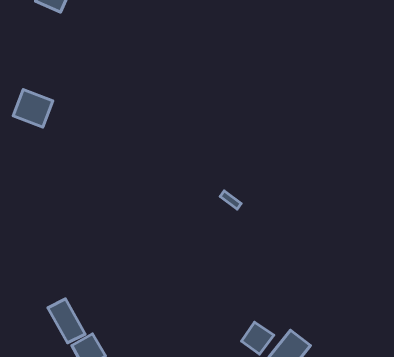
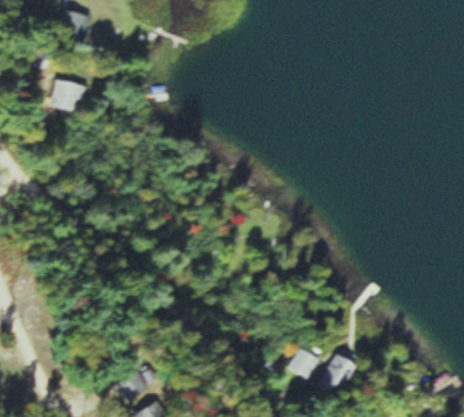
building: [13,89,53,127] -> [47,77,86,114]
building: [48,299,85,343] -> none

